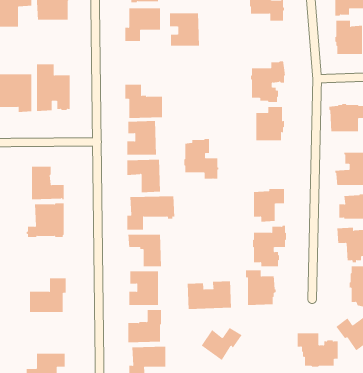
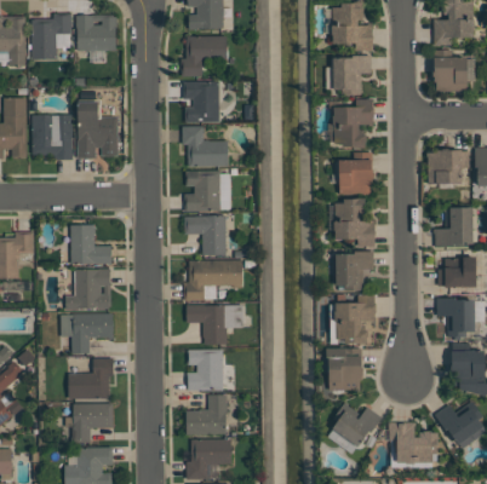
building: [169,13,200,46] -> [183,82,219,122]
building: none -> [332,56,371,96]
building: [183,138,219,179] -> [333,198,376,247]
building: none -> [61,313,113,355]
building: [187,280,231,310] -> none
building: none -> [71,404,113,443]
building: [201,327,242,361] -> [332,408,382,448]

